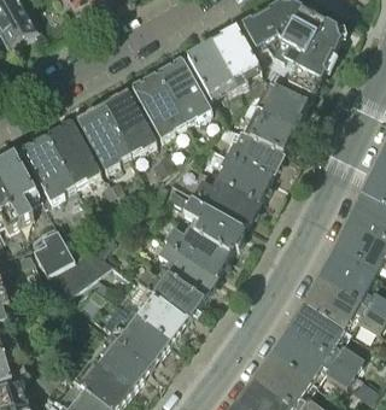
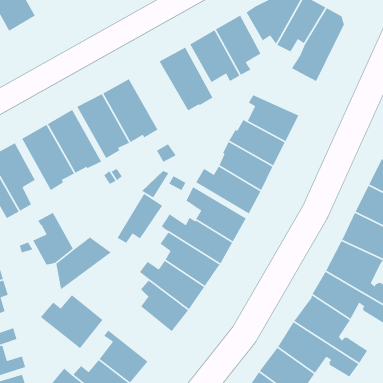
building: [131,72,186,137] -> none
building: [250,81,308,125] -> none
building: none -> [117,193,163,244]
building: [107,314,170,368] -> [40,294,104,349]

